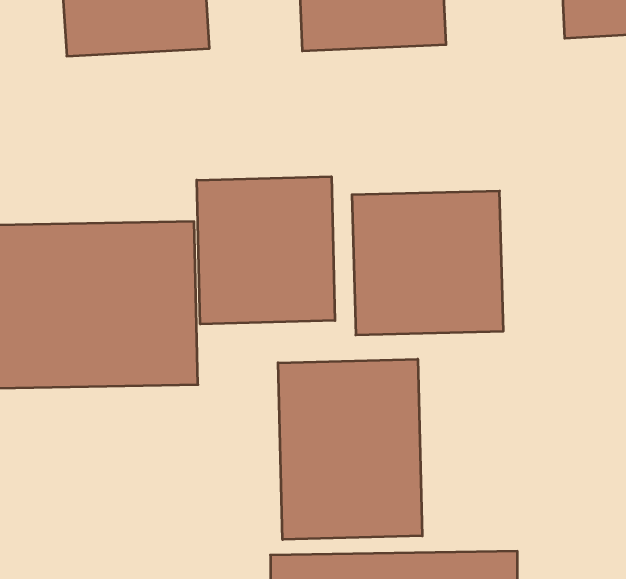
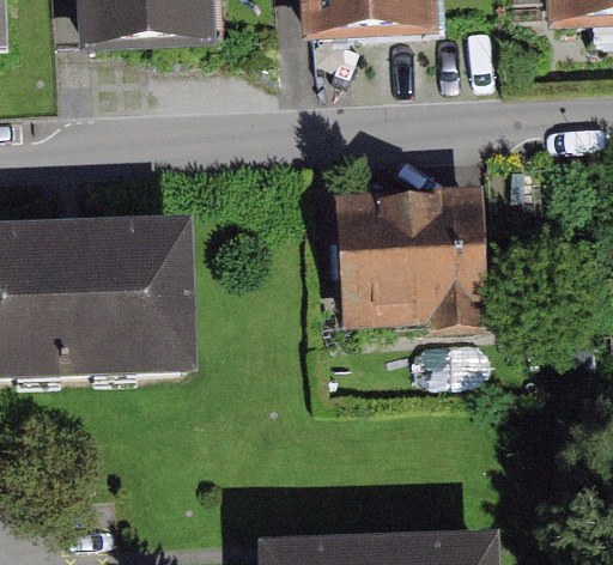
building: [197,177,335,324] -> none
building: [278,359,422,540] -> none

